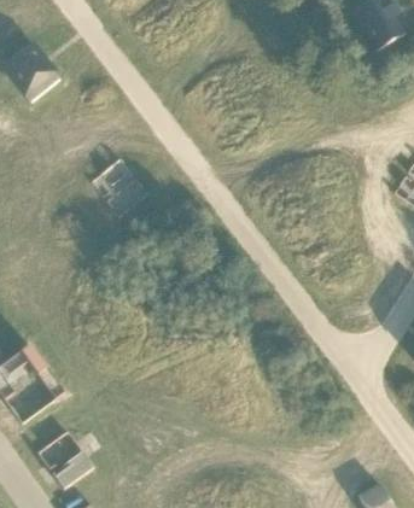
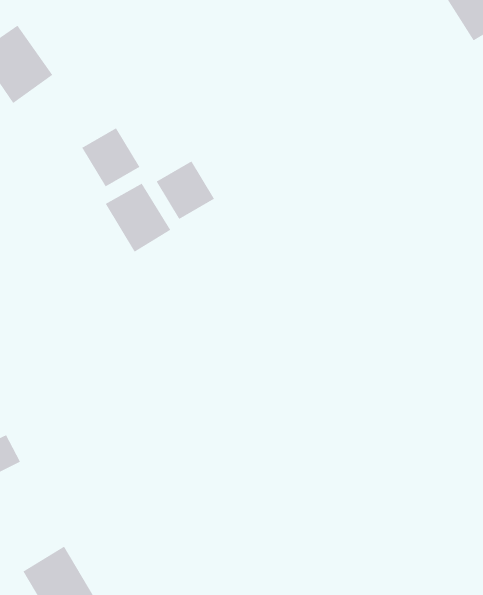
building: none -> [82,128,140,187]
building: none -> [156,161,215,220]

